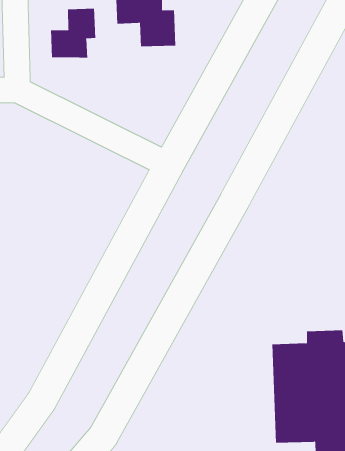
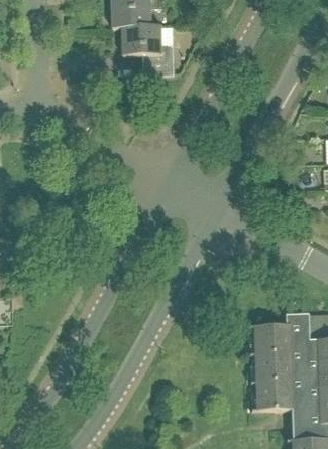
building: [51,8,96,58] -> none

